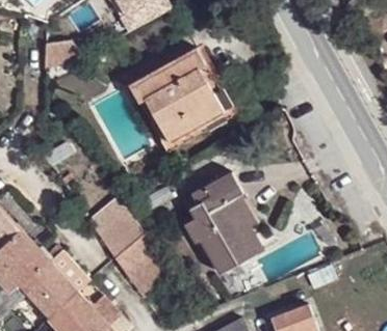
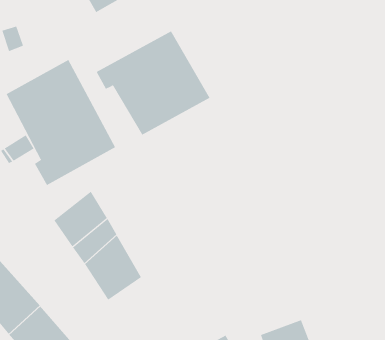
building: none -> [6,59,116,186]
building: [184,171,273,274] -> none

